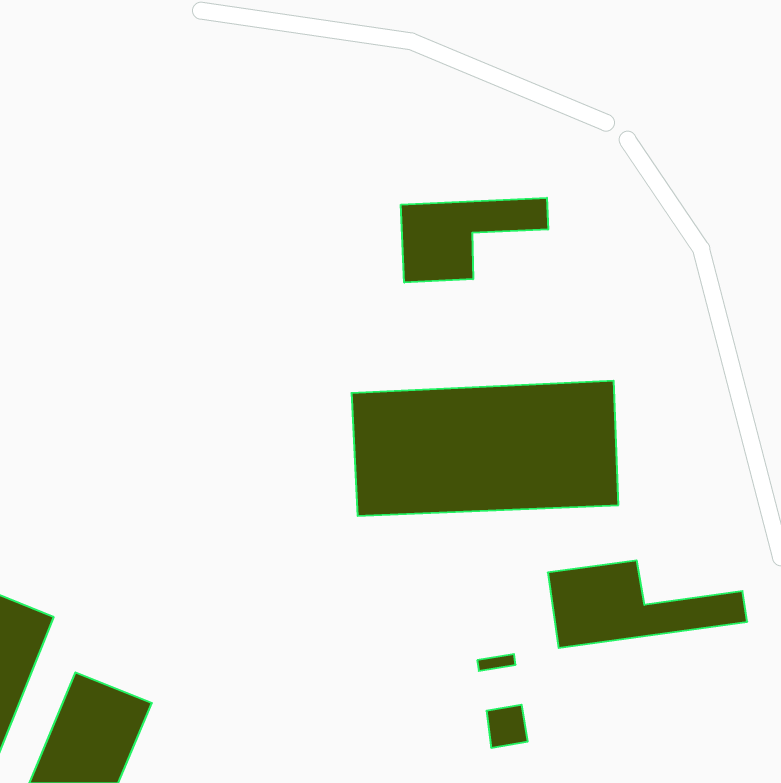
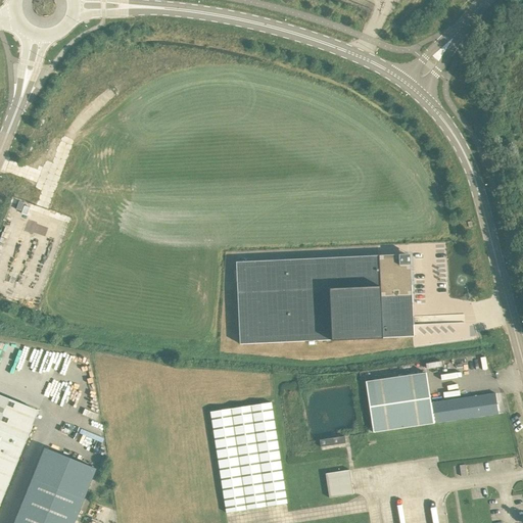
building: [401,198,548,283] -> none
building: none -> [208,402,285,513]

